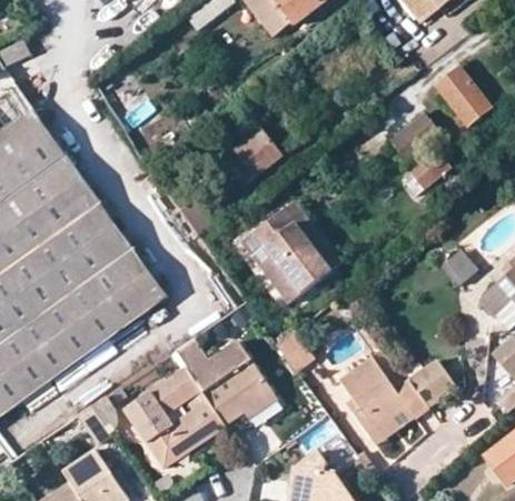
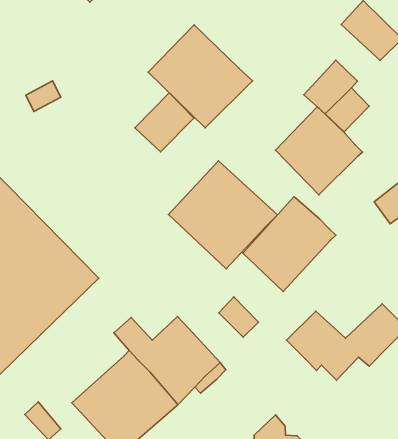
building: none -> [148,25,252,128]
building: none -> [275,107,363,195]
building: none -> [243,197,336,291]
building: [347,402,414,447] -> none

